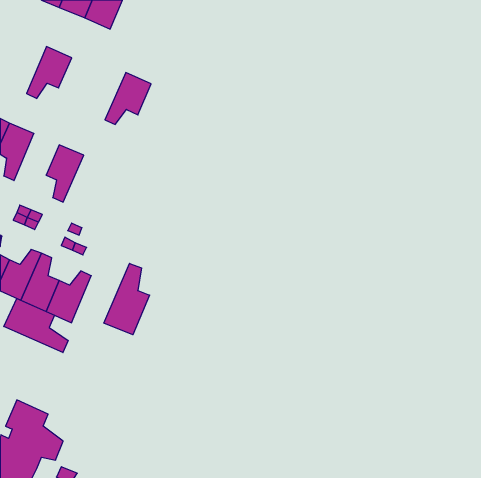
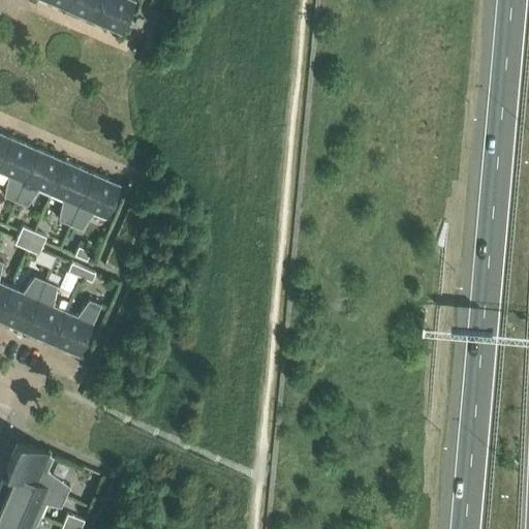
building: [27,47,72,98] -> [15,150,65,207]
building: [105,73,151,124] -> [69,174,120,230]
building: [104,263,150,335] -> none
building: [4,298,68,353] -> none

